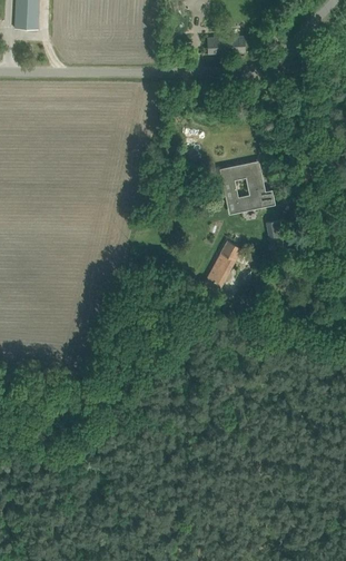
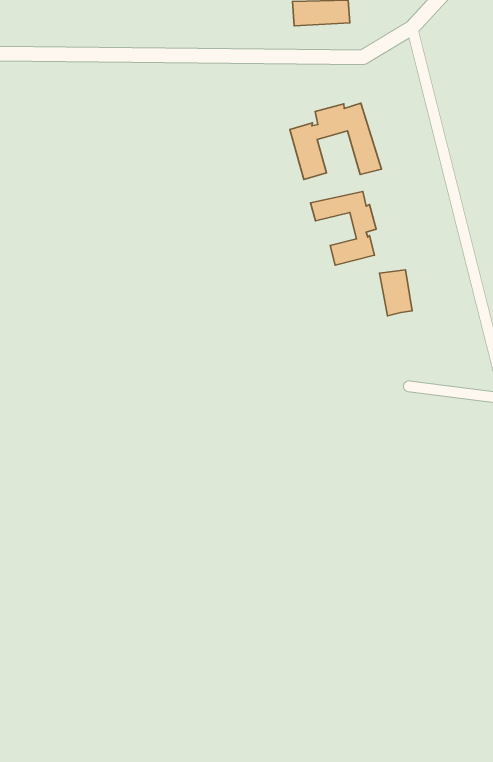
building: none -> [290,103,381,179]
building: [207,238,241,289] -> none

